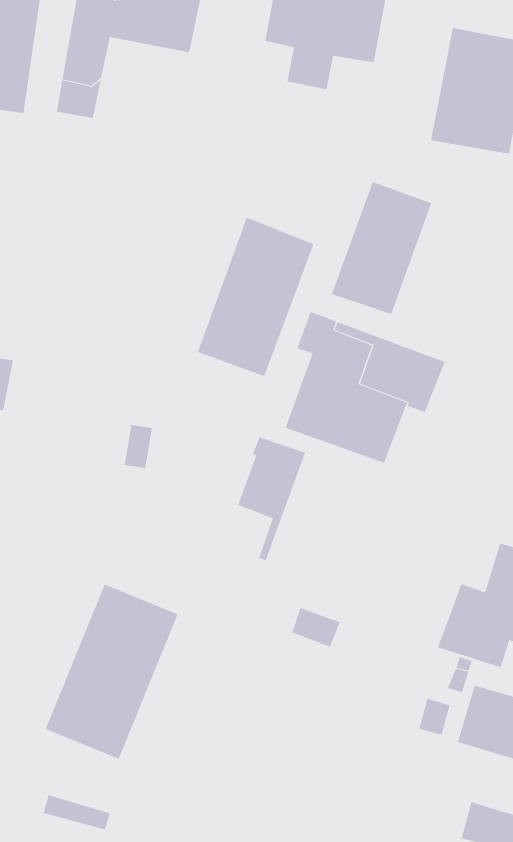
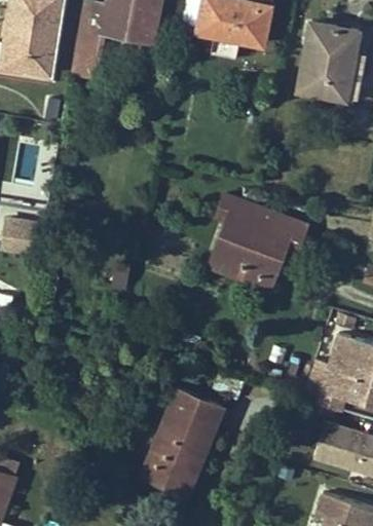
building: [331,181,432,315] -> none
building: [197,217,314,377] -> none
building: [238,436,306,561] -> none
building: [45,584,179,760] -> [142,387,223,494]

